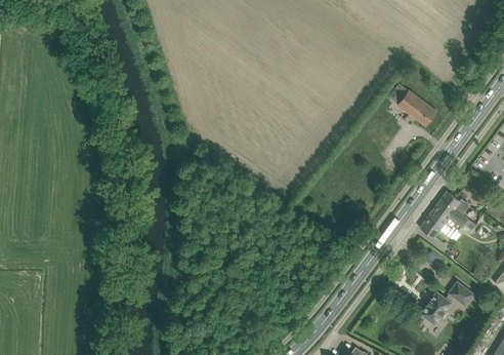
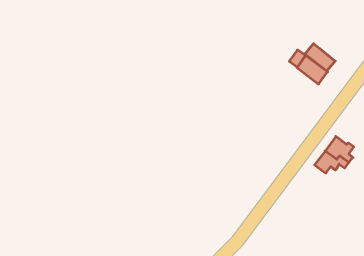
building: none -> [305,44,335,72]
building: [421,281,474,325] -> none

